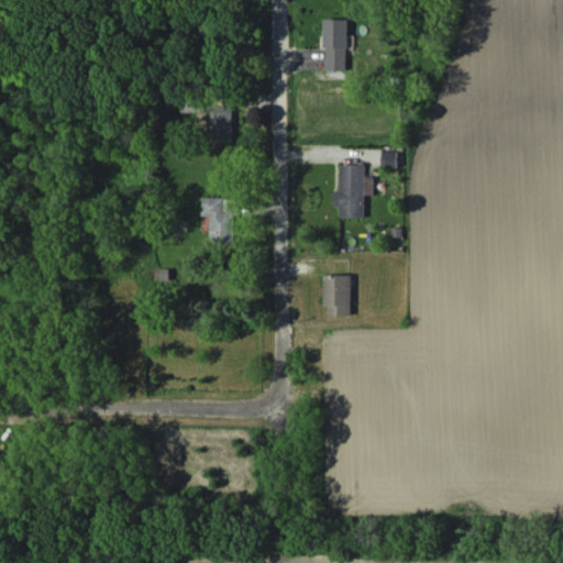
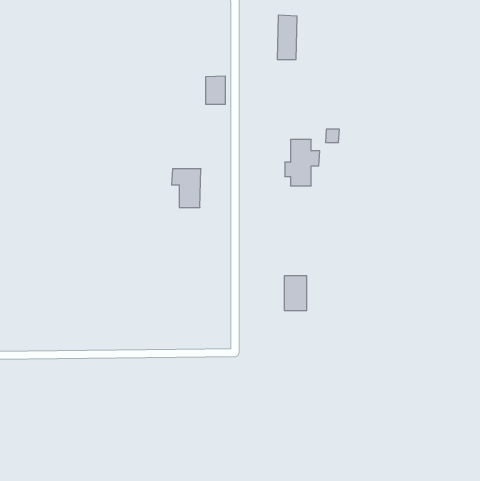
building: [208,108,231,141] -> [206,76,225,104]
building: [323,275,350,316] -> [284,276,307,311]

